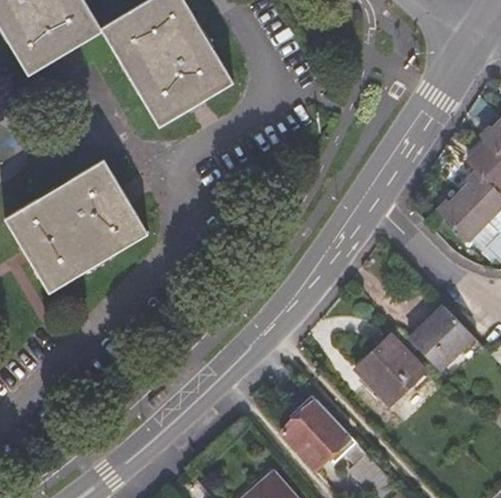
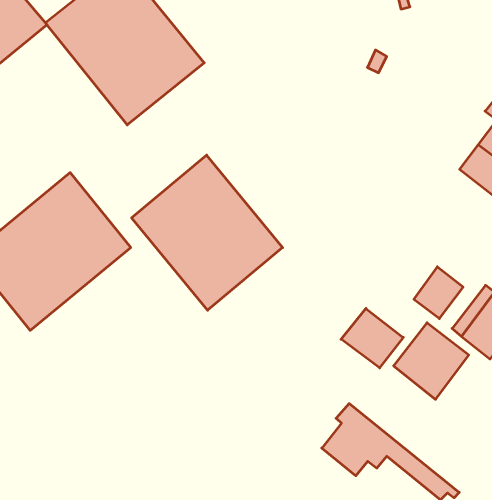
building: none -> [132,155,283,310]
building: none -> [414,267,463,319]
building: none -> [341,308,403,368]

